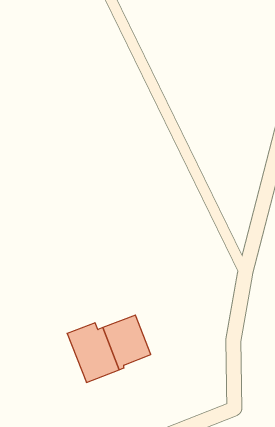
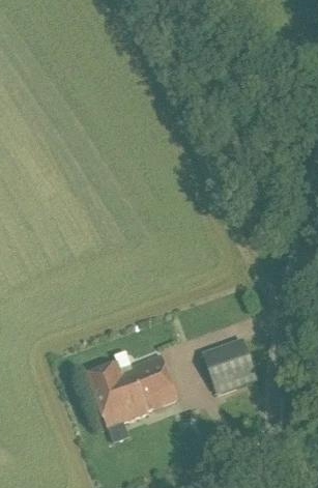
building: none -> [202,339,256,395]

